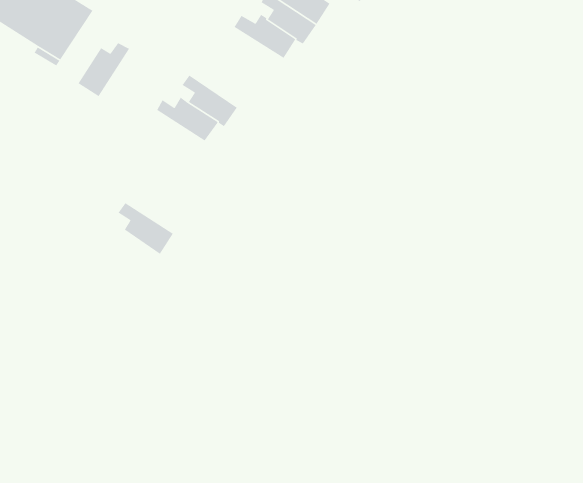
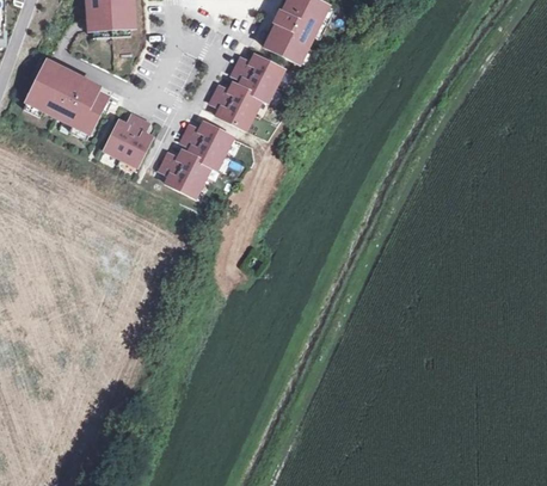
building: none -> [210,93,253,128]
building: none -> [121,117,150,164]
building: none -> [185,121,232,152]
building: [117,202,174,255] -> [159,160,202,196]

